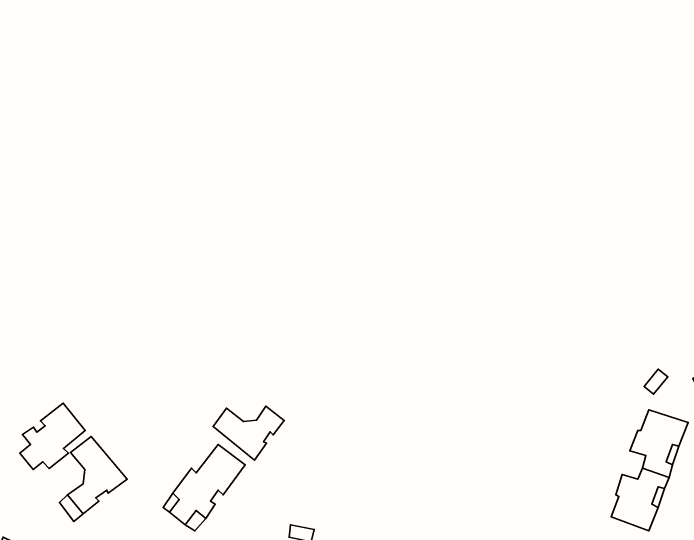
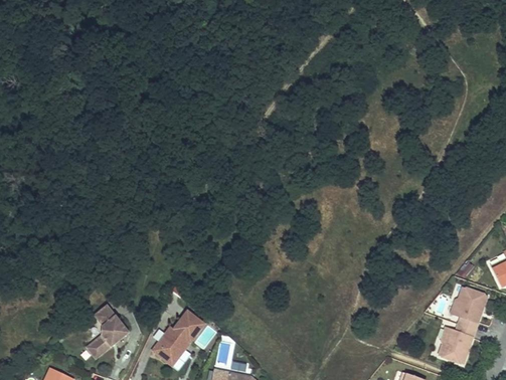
building: [20,403,85,469] -> none
building: [213,406,284,460] -> none

